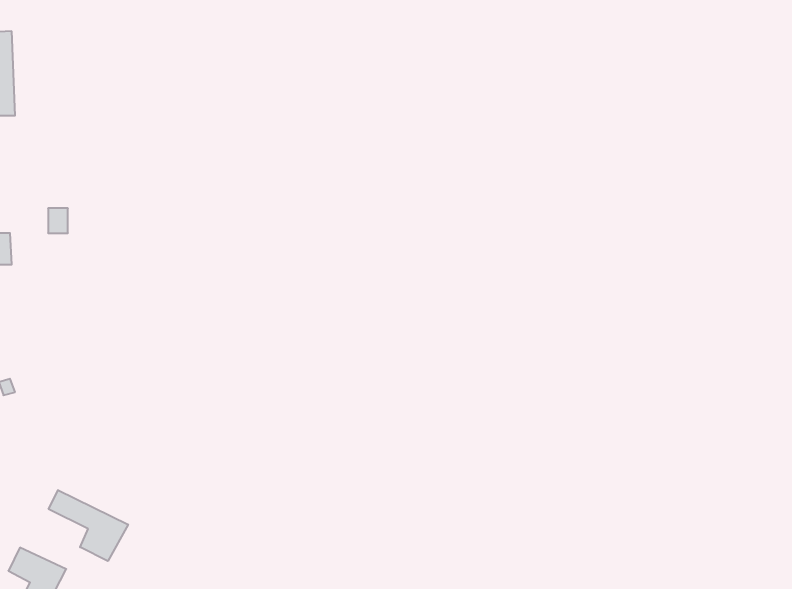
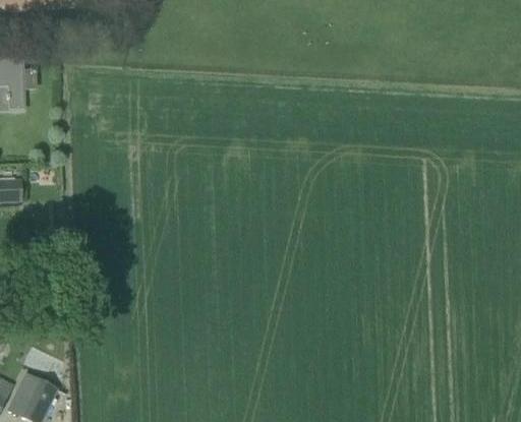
building: [49,490,128,561] -> none

